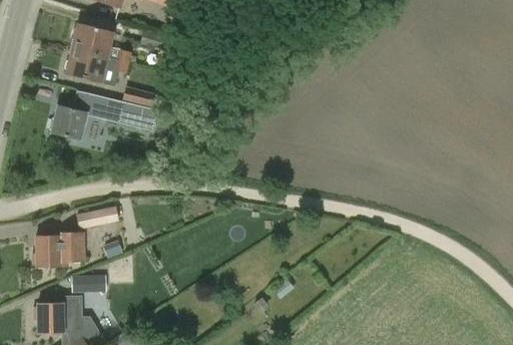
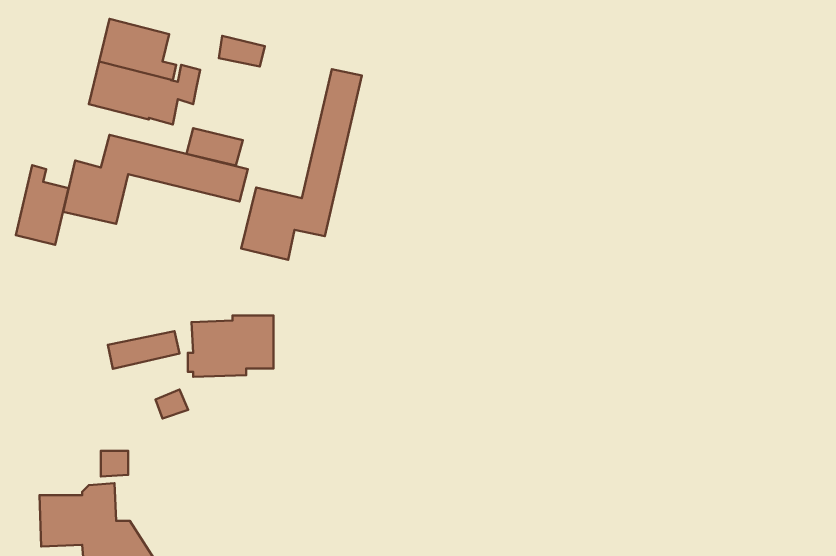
building: none -> [241,69,362,260]
building: none -> [16,165,68,245]
building: [34,231,84,267] -> [188,315,273,377]

